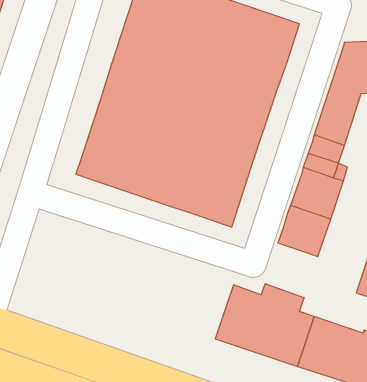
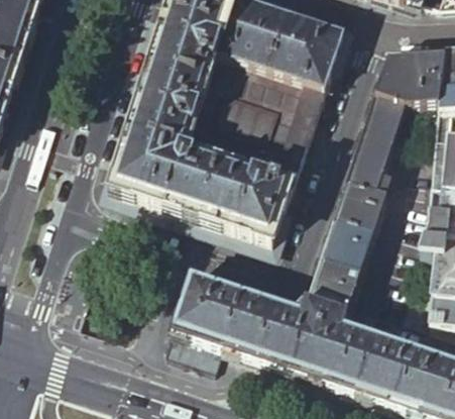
building: none -> [307,258,361,315]
building: none -> [173,274,274,357]

